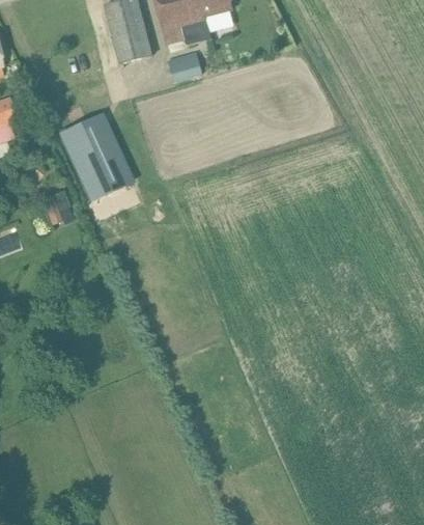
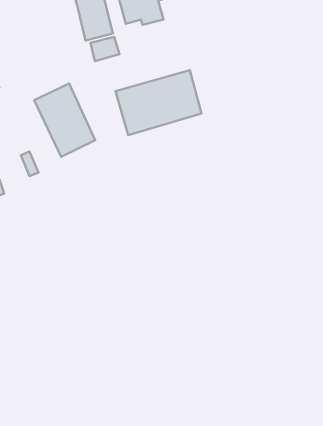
building: [168,51,202,80] -> [91,37,119,61]
building: none -> [115,70,202,135]

